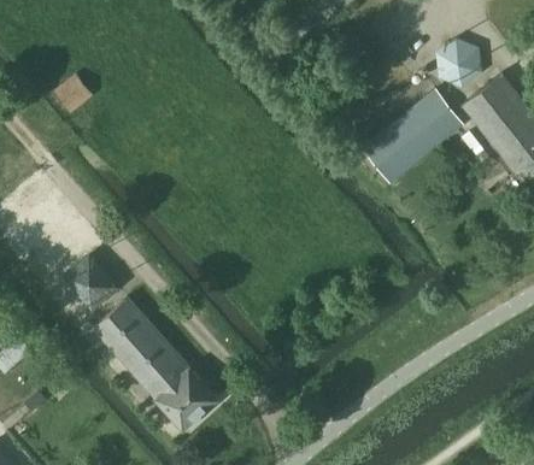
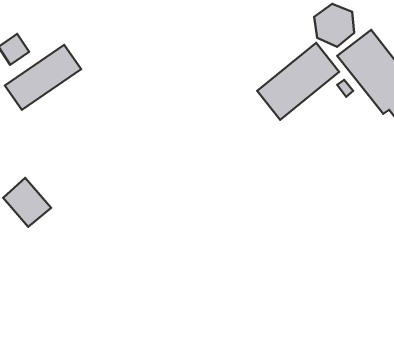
building: none -> [5,45,81,110]
building: [94,299,217,431] -> none

